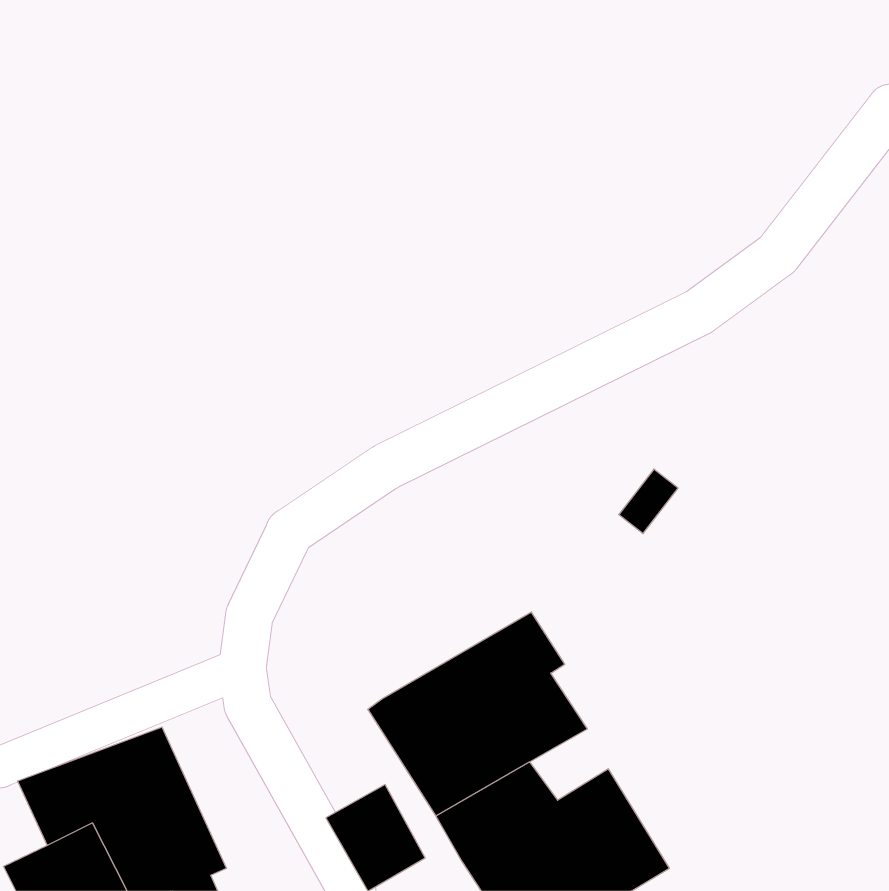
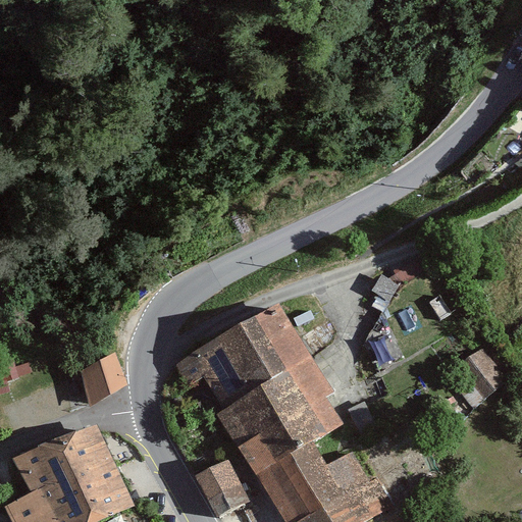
building: none -> [174,303,312,409]
building: none -> [460,352,506,399]
building: none -> [86,357,126,405]

